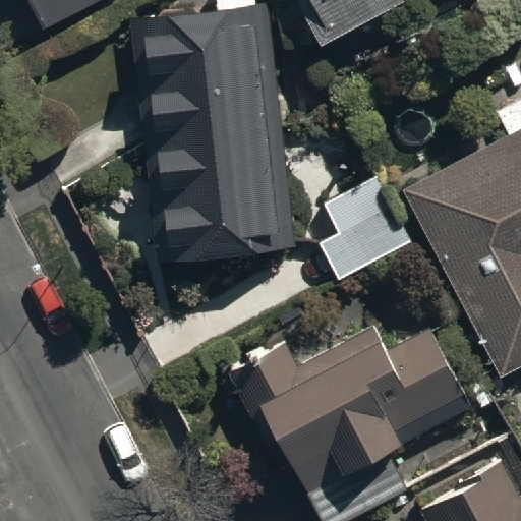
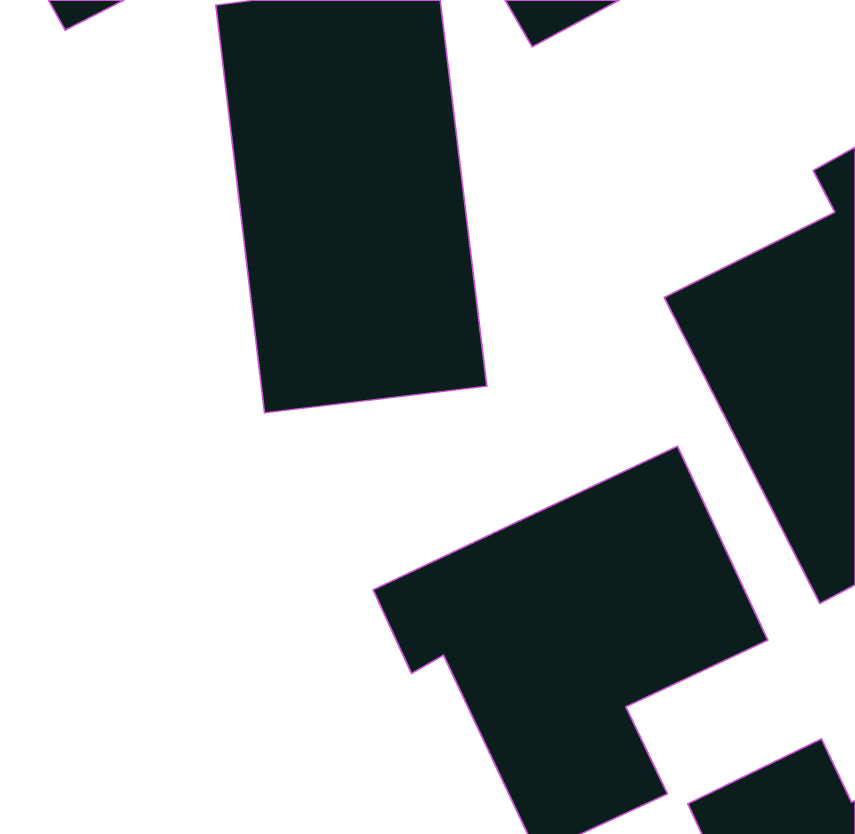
building: [322,177,412,284] -> none

